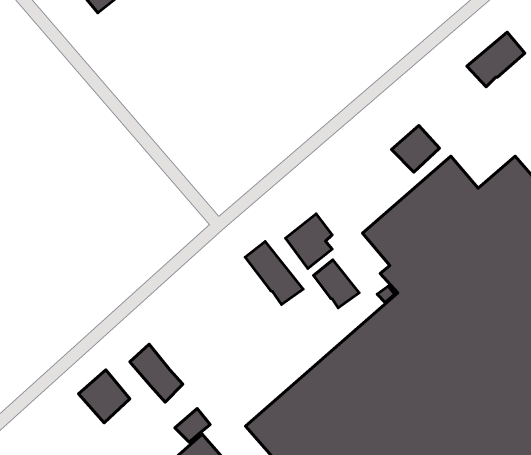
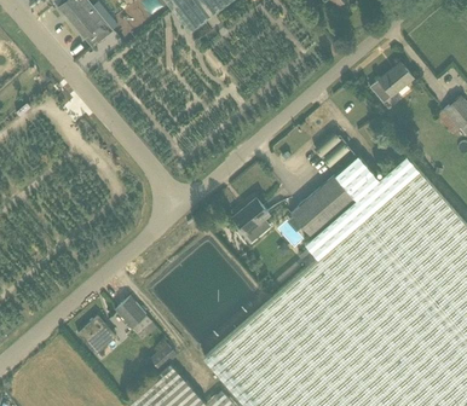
building: [245,241,303,305] -> none
building: [313,260,359,308] -> none

